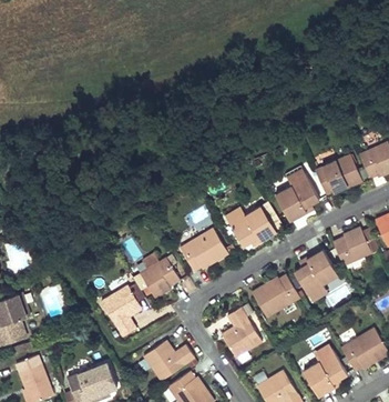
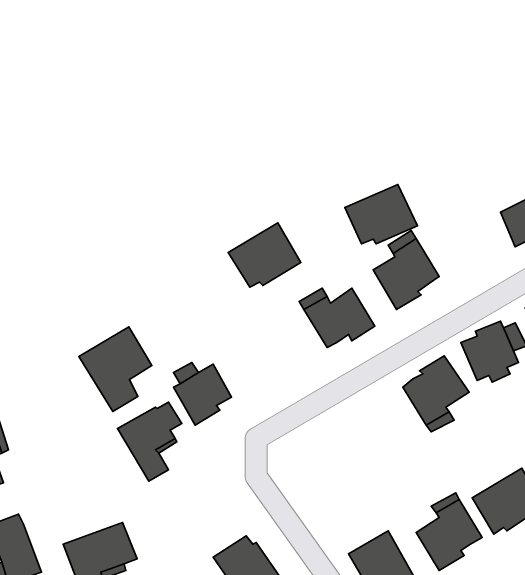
building: [315,153,364,193] -> [345,185,418,244]
building: [181,227,229,270] -> [228,223,301,287]
building: none -> [79,327,152,412]
building: [254,275,301,318] -> none
building: [223,308,263,359] -> none
building: [141,343,190,383] -> none

